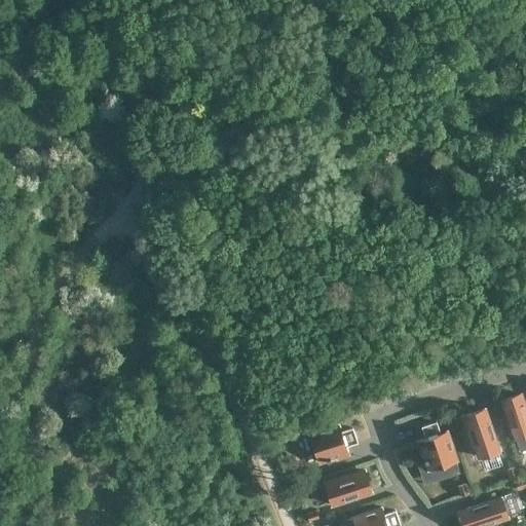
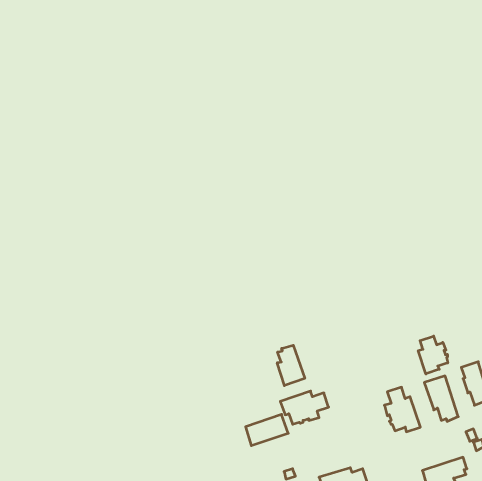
building: none -> [418,336,448,374]
building: none -> [277,345,305,386]
building: [326,472,372,505] -> [246,414,288,446]

